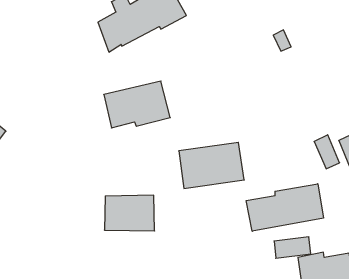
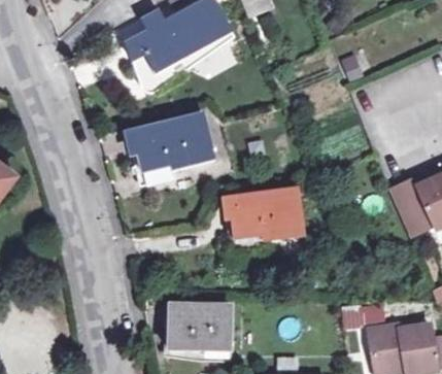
building: [246,184,323,231] -> none
building: [104,195,155,231] -> [171,306,232,349]

